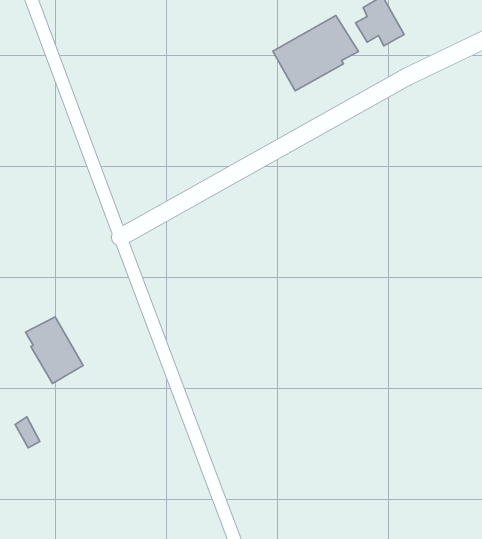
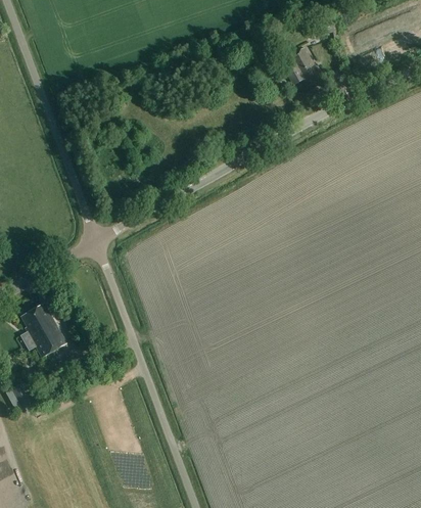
building: [273,15,358,91] -> none

